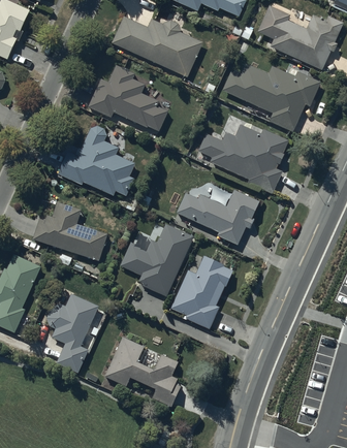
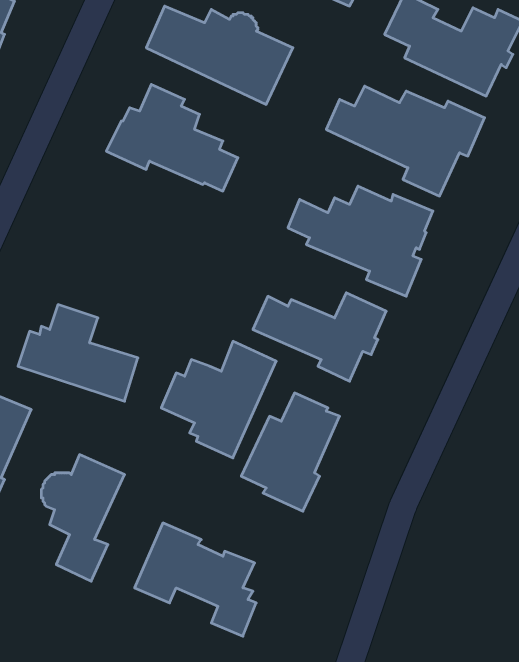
building: [58,126,135,195] -> none

